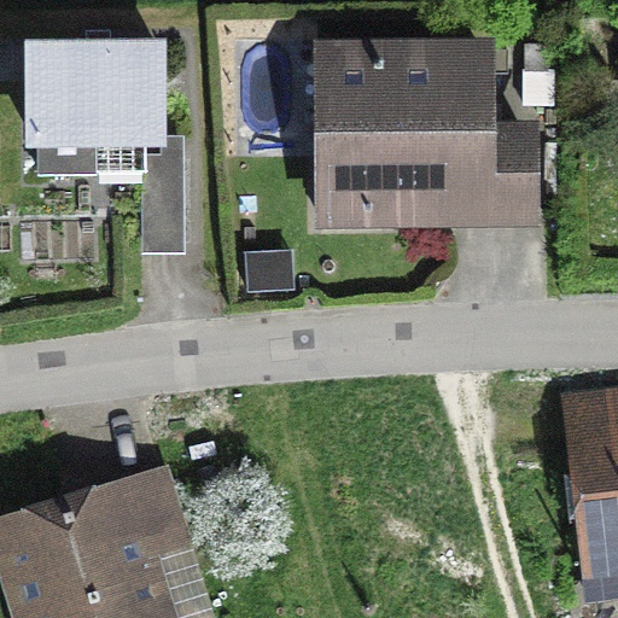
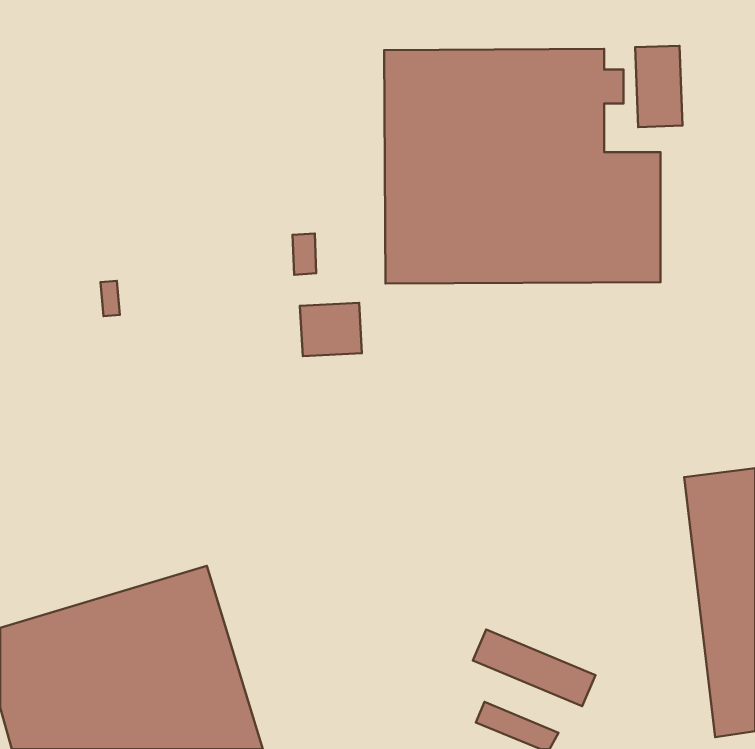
building: [24,41,186,255] -> none

